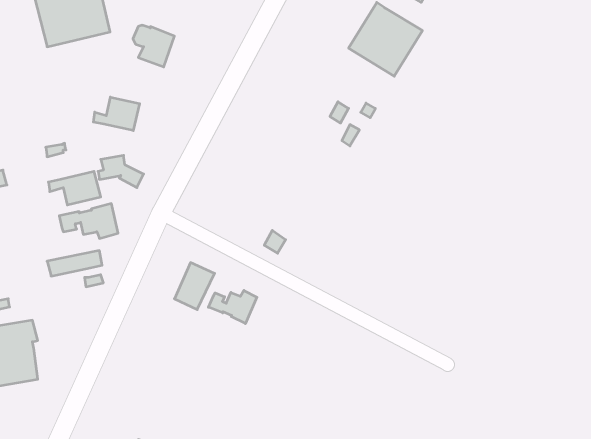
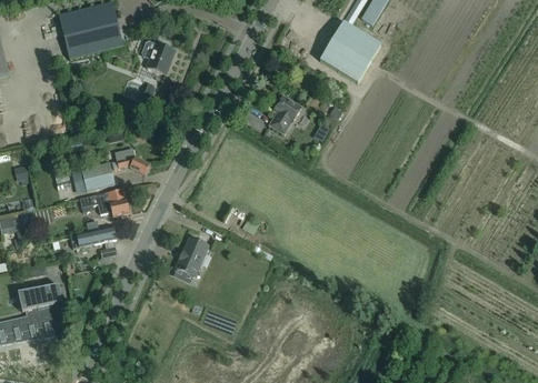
building: none -> [269,94,301,133]
building: [93,97,140,131] -> none
building: [208,290,257,324] -> none

